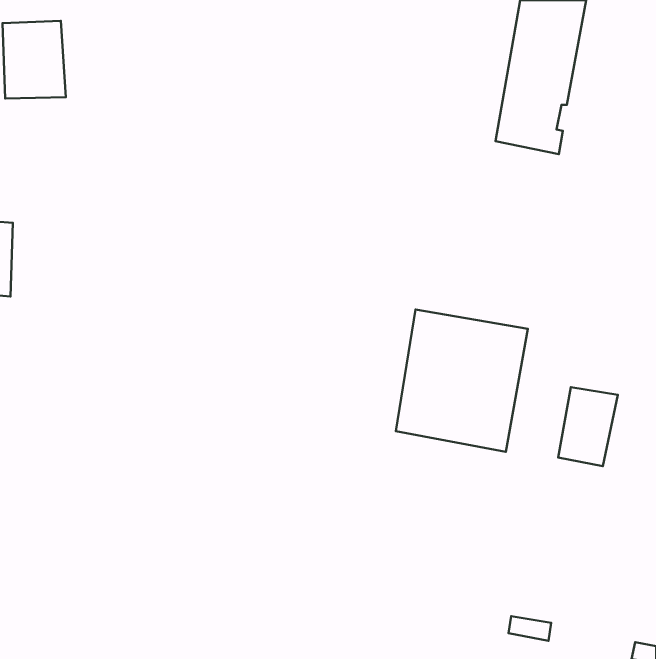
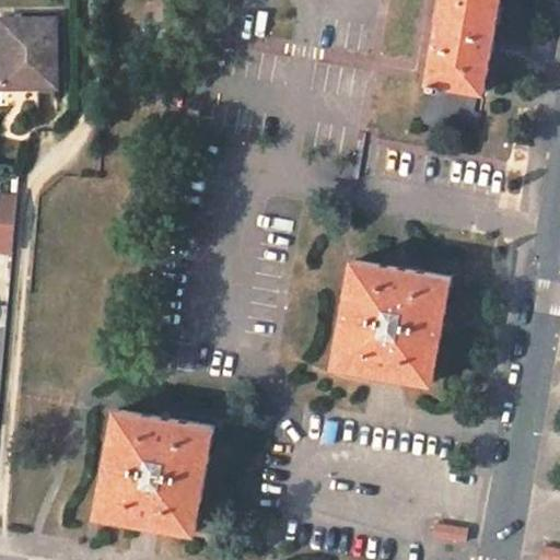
building: [558,387,618,466] -> none
building: none -> [94,412,210,533]

